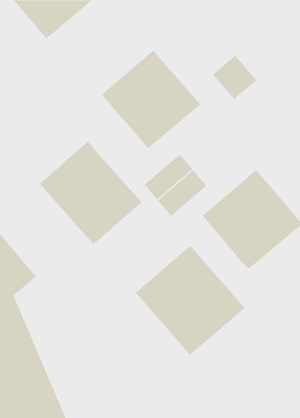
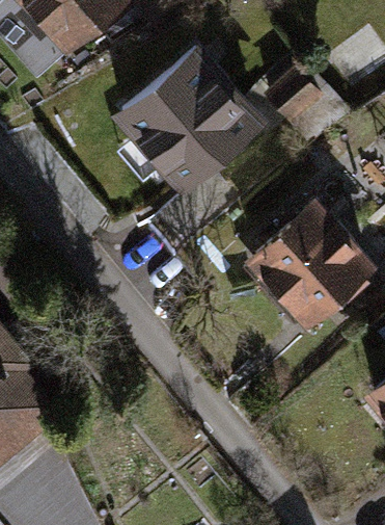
building: [39,141,143,245] -> none
building: [135,245,245,356] -> none

